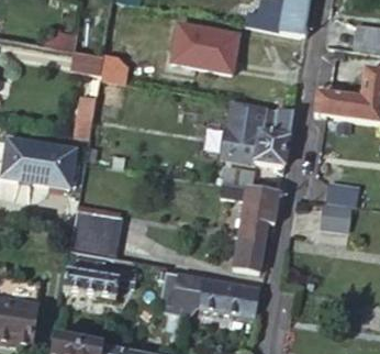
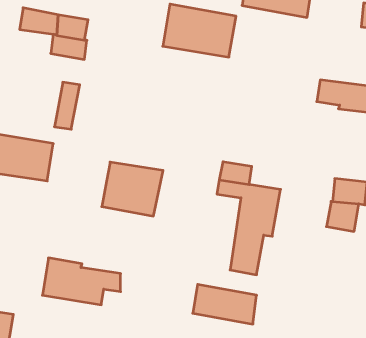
building: [225,104,295,166] -> none
building: [69,209,125,258] -> [102,162,163,216]
building: [160,274,205,314] -> none

